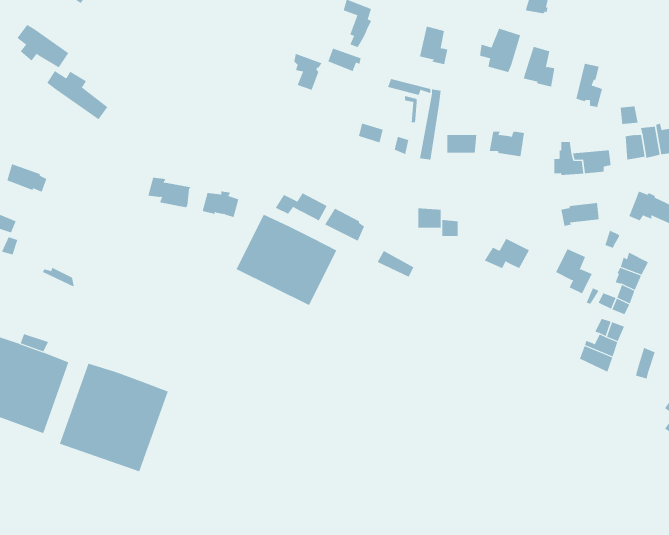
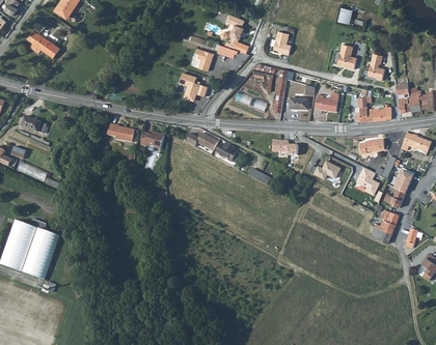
building: [479,28,521,73] -> none
building: [47,70,108,120] -> none
building: none -> [179,73,208,100]
building: [236,214,337,306] -> none
building: [59,363,168,472] -> none

